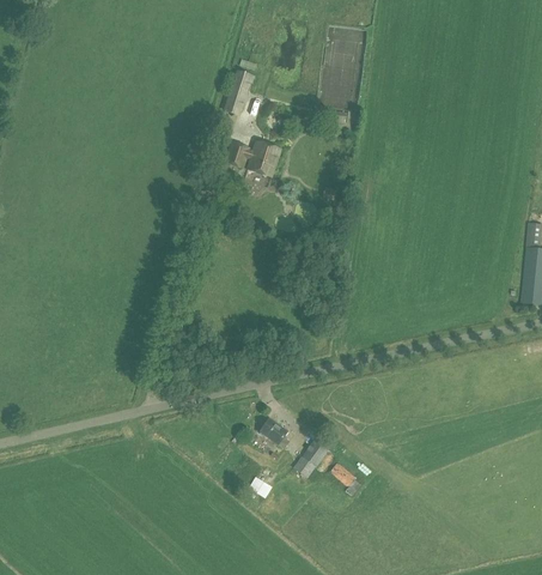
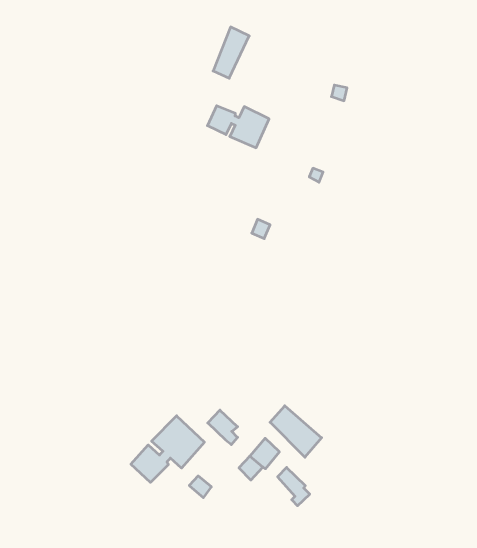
building: none -> [270,406,322,457]
building: none -> [131,416,204,482]

